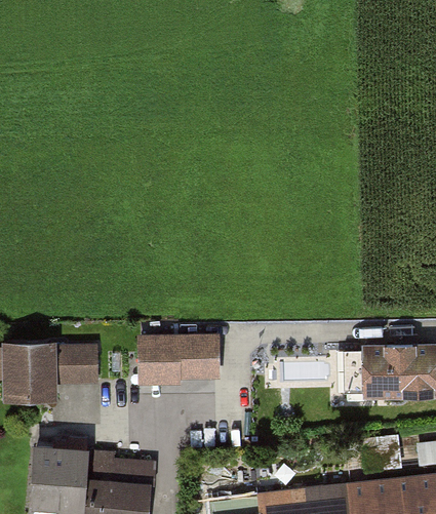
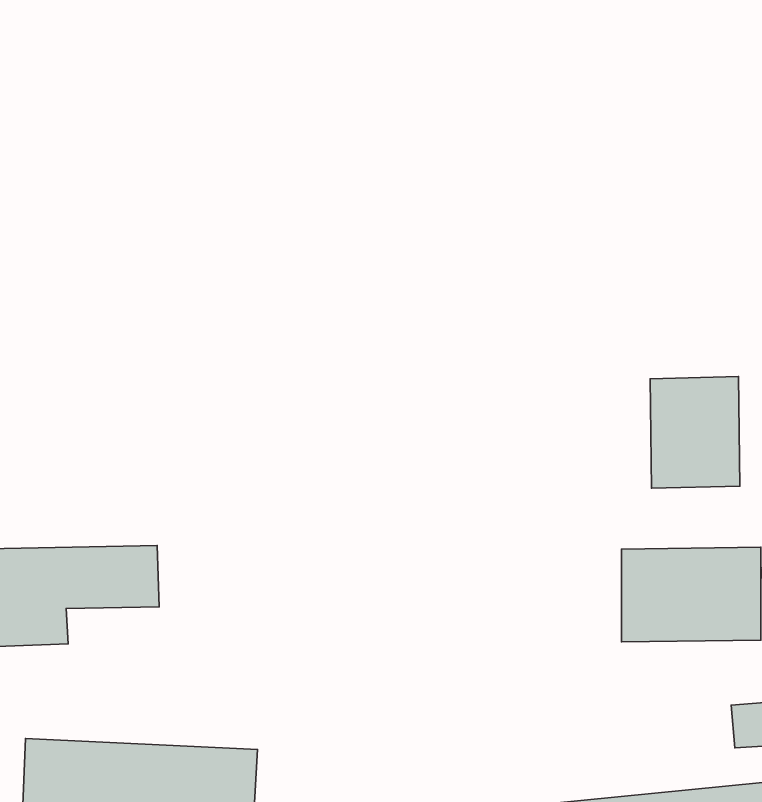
building: none -> [650,377,740,488]
building: [133,330,219,381] -> none

